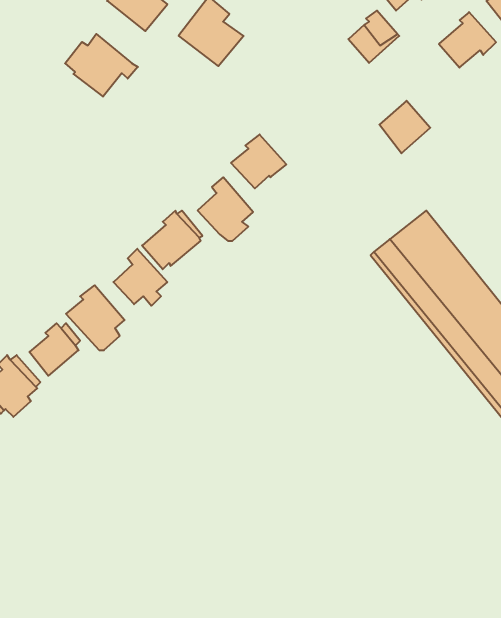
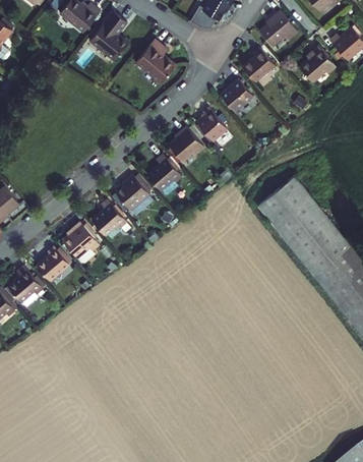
building: [65,34,138,97] -> none
building: [379,101,430,153] -> [222,77,254,111]
building: none -> [197,107,228,141]

